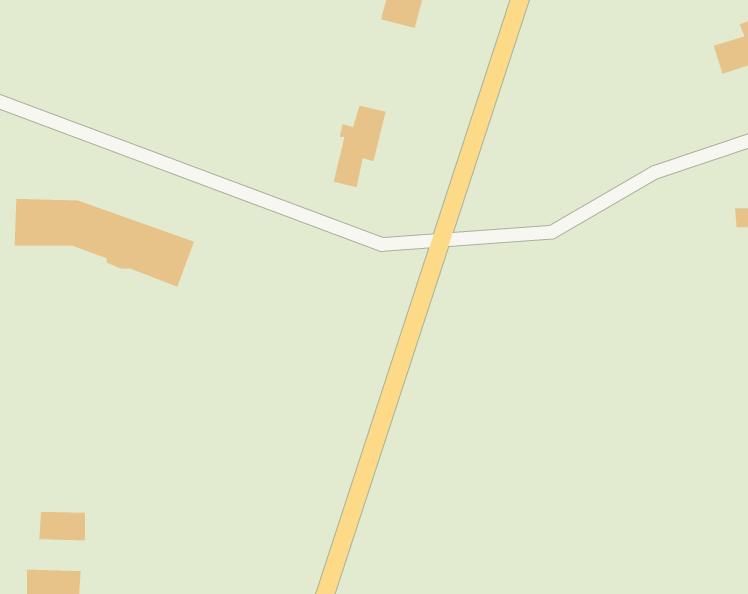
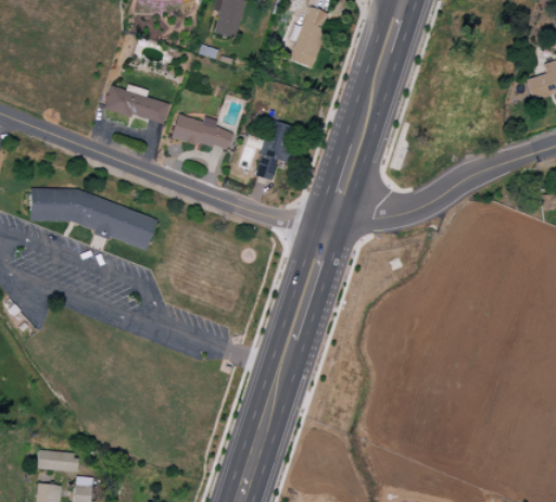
building: none -> [104,85,169,124]
building: none -> [172,114,232,152]
building: [39,511,86,541] -> none

